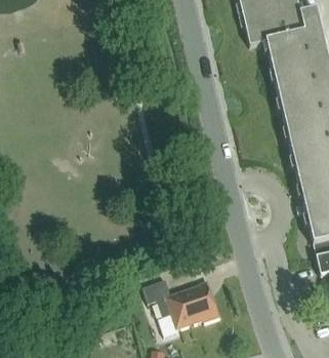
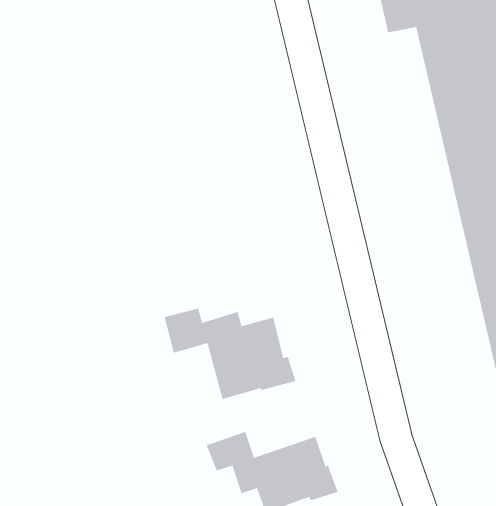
building: none -> [164,308,296,400]

